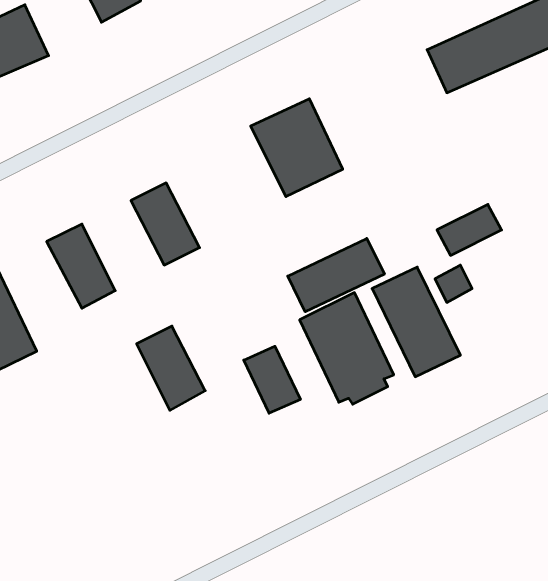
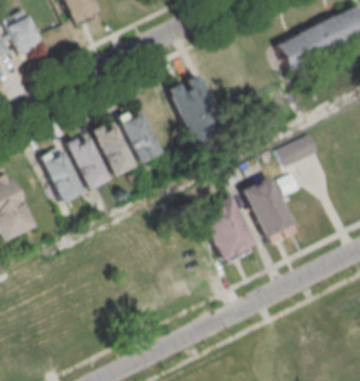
building: none -> [120,109,161,160]
building: [288,238,384,312] -> none
building: [137,326,205,410] -> [66,135,109,187]
building: [244,346,300,413] -> none

